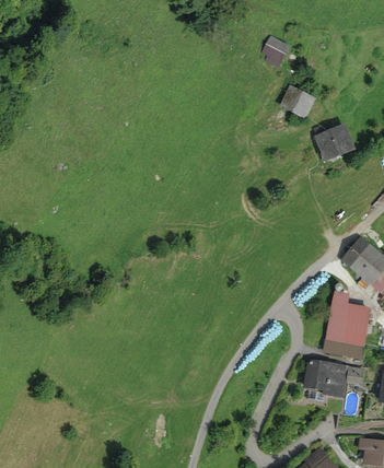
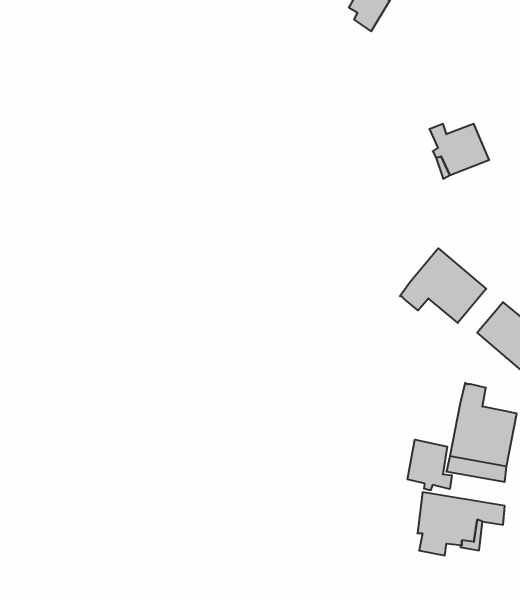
building: [281,85,313,115] -> none
building: none -> [400,248,486,323]
building: none -> [408,440,452,490]

